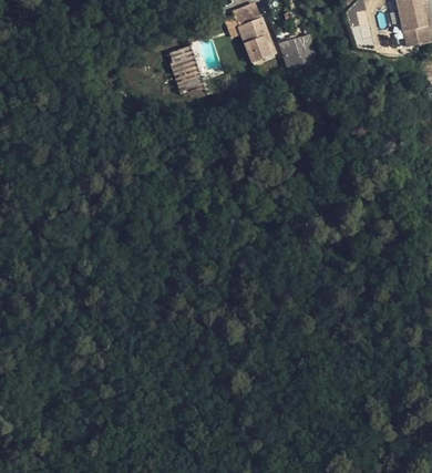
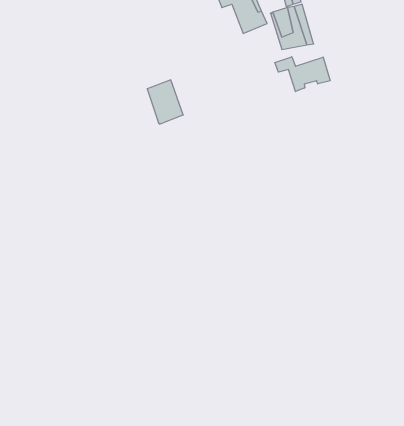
building: [166,45,202,89] -> [147,80,183,124]
building: none -> [275,57,330,92]

